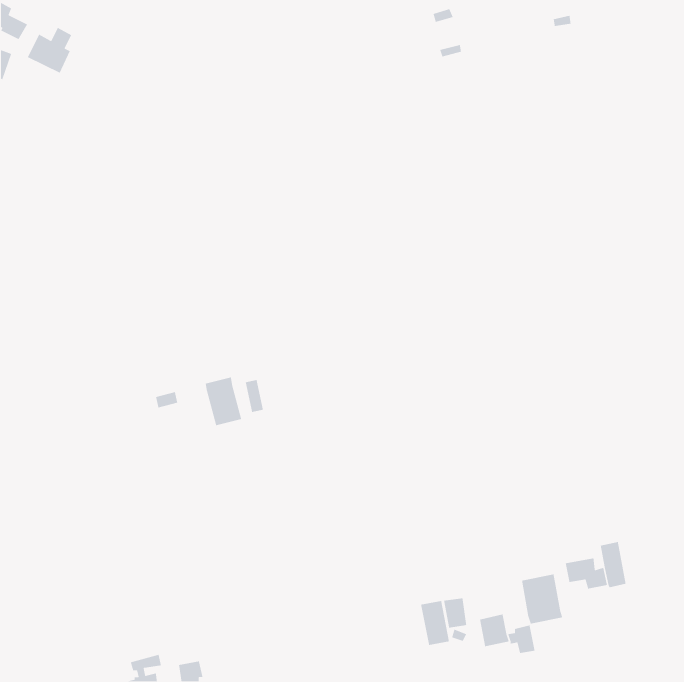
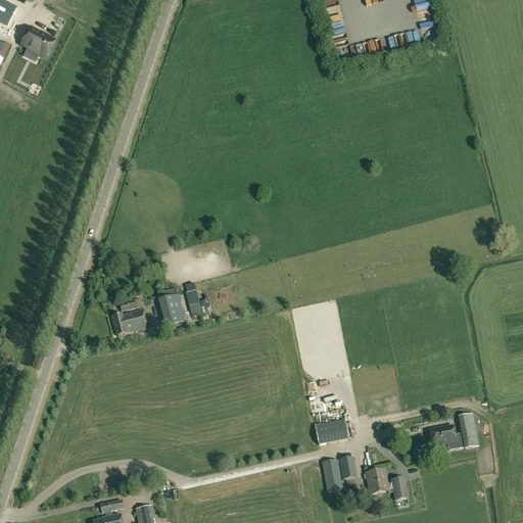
building: none -> [112,308,147,335]
building: none -> [314,417,348,444]
building: [521,573,563,624] -> none

